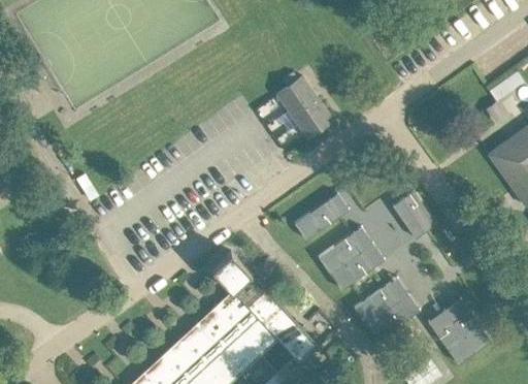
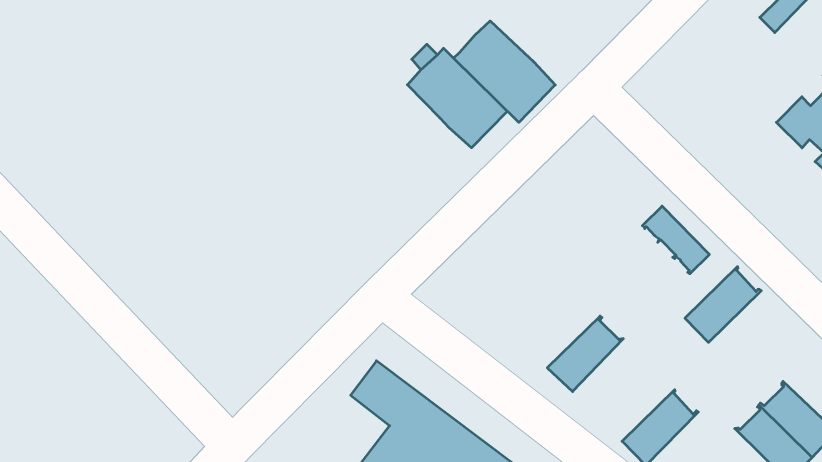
building: none -> [454,21,555,122]
building: [294,197,341,238] -> none
building: [318,231,365,273] -> none
building: [354,282,401,323] -> [685,267,761,342]

